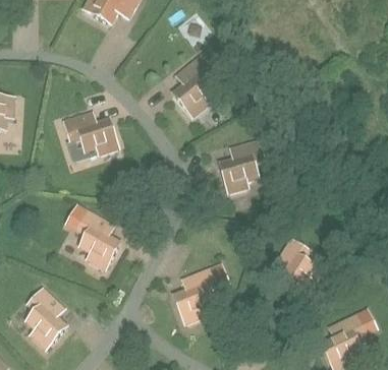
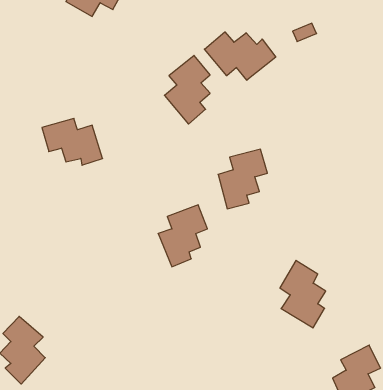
building: none -> [204,32,276,80]
building: [77,210,120,269] -> none
building: [173,268,217,323] -> [158,205,207,267]

